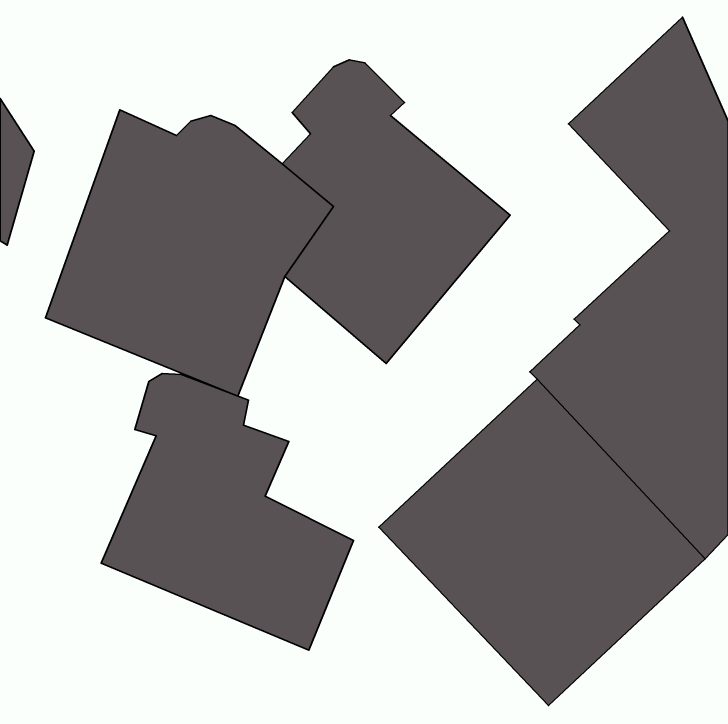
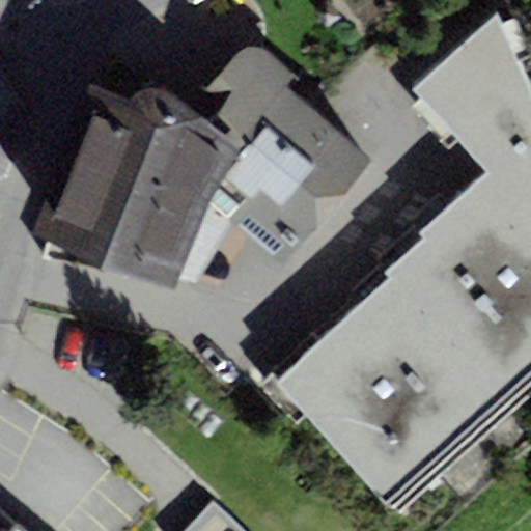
building: [101,374,353,650] -> none

